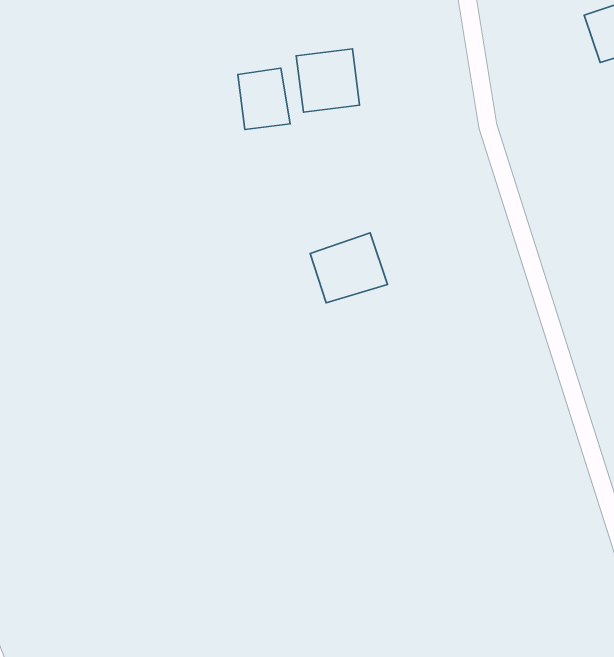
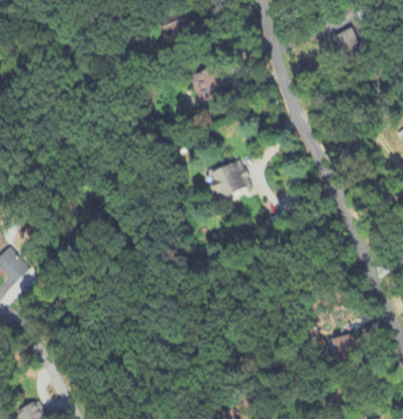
building: [238,68,290,130] -> none
building: none -> [329,333,355,355]

